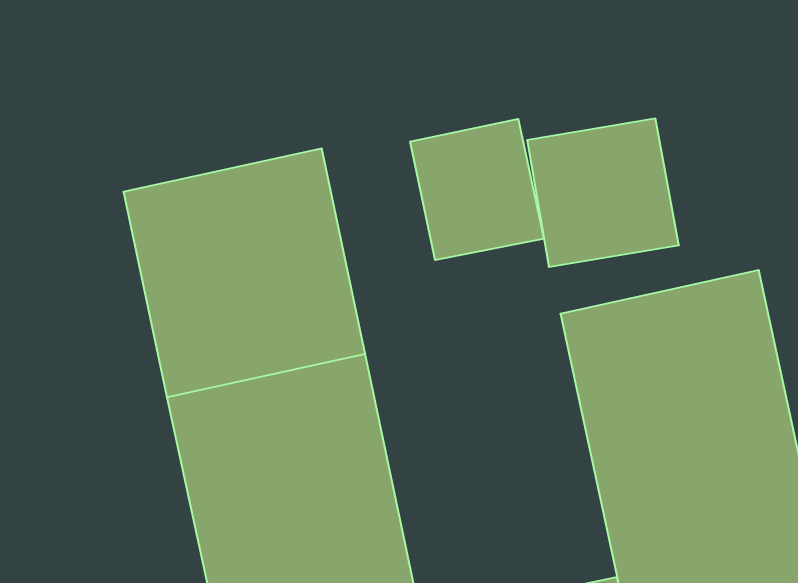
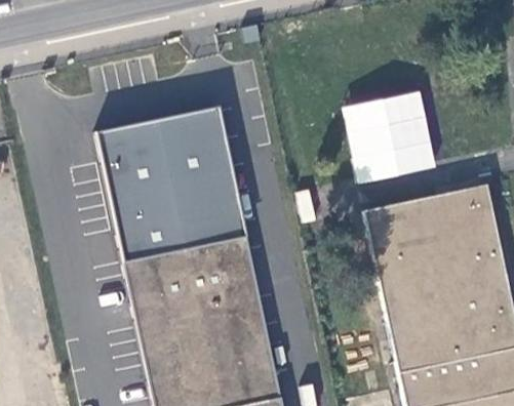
building: [410,119,544,260] -> none

